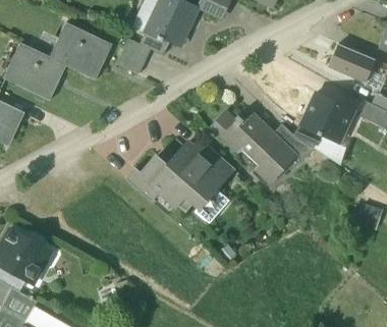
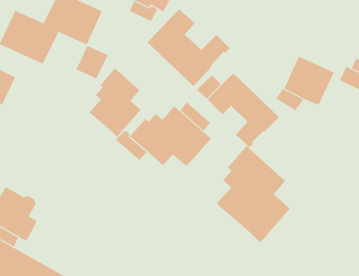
building: [116,39,151,74] -> [75,45,108,79]
building: none -> [147,8,231,87]
building: [329,44,375,83] -> none
building: none -> [89,67,141,137]
building: none -> [216,145,290,243]

